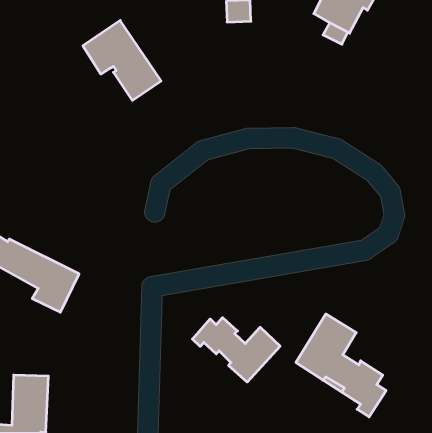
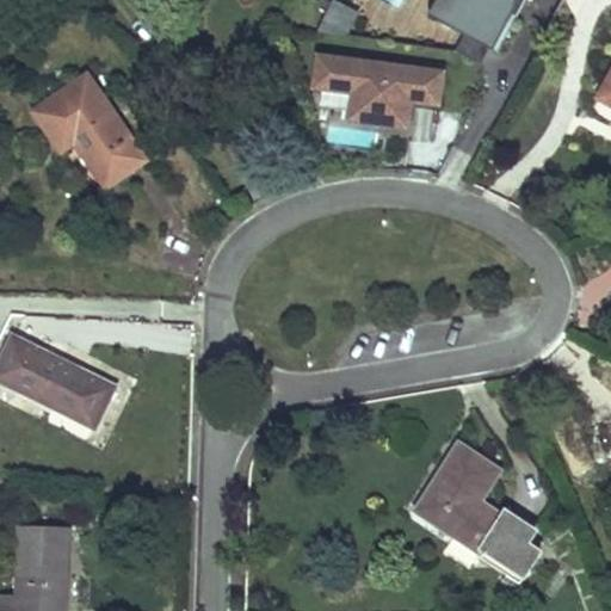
building: [83,20,161,100] -> [35,73,144,185]
building: none -> [311,51,442,125]
building: [192,318,280,382] -> none

